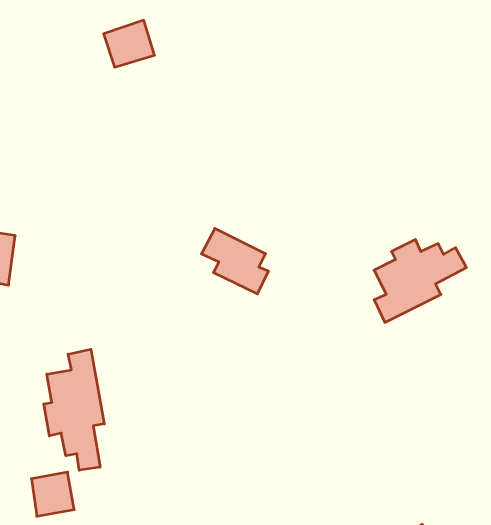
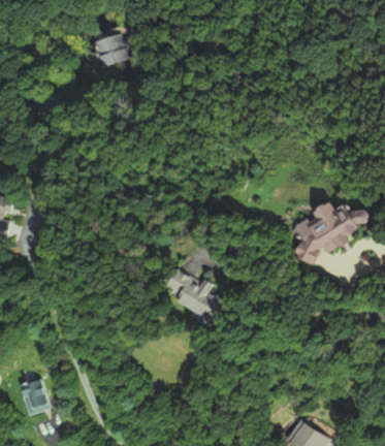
building: [201,228,268,294] -> [167,267,219,318]
building: [44,349,104,470] -> none

